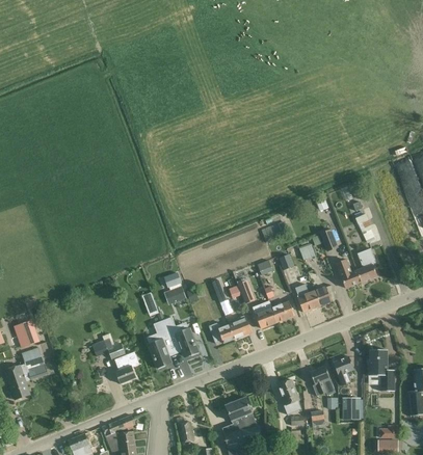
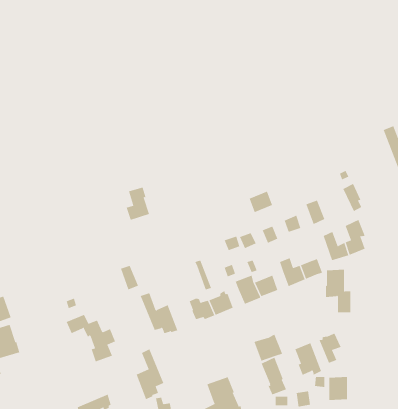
building: [165,271,188,303] -> [126,187,150,221]
building: [149,320,176,369] -> [136,348,164,400]
building: [369,350,394,392] -> [325,269,351,313]
building: none -> [254,334,283,362]

